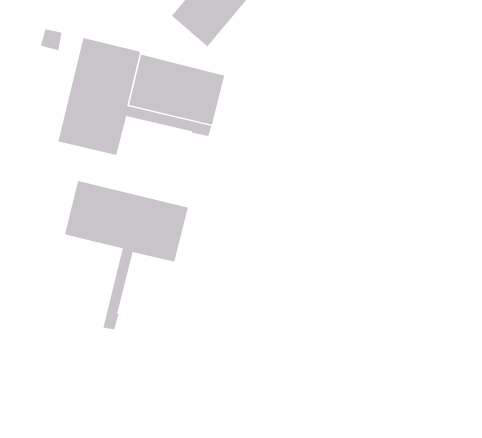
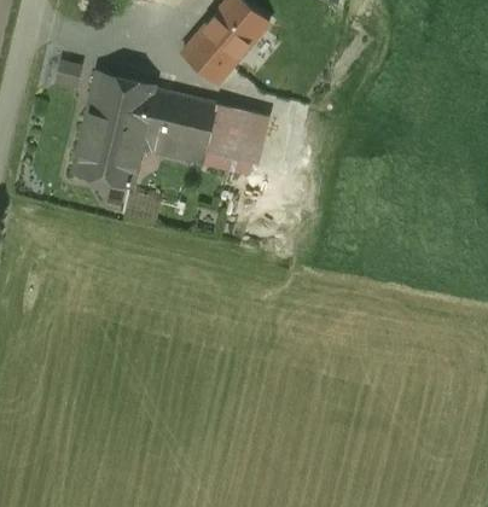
building: none -> [222,110,268,167]
building: [64,180,189,330] -> none

